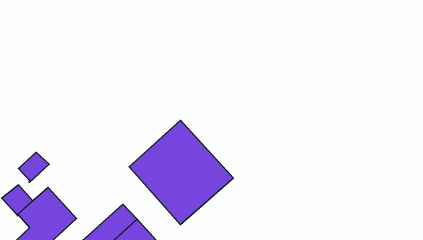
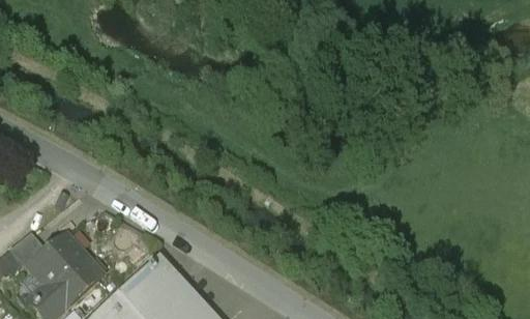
building: [129,120,233,225] -> none
building: [18,152,49,182] -> none

